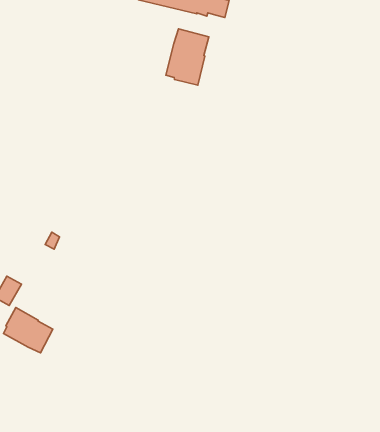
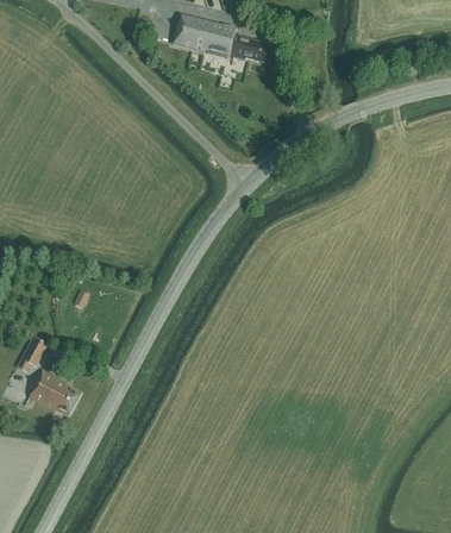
building: [166,29,209,85] -> none

